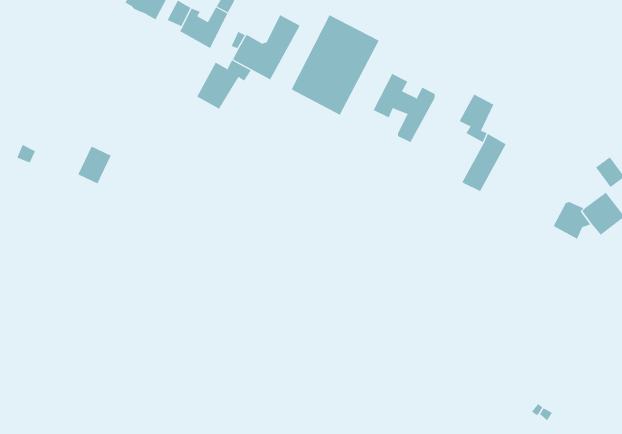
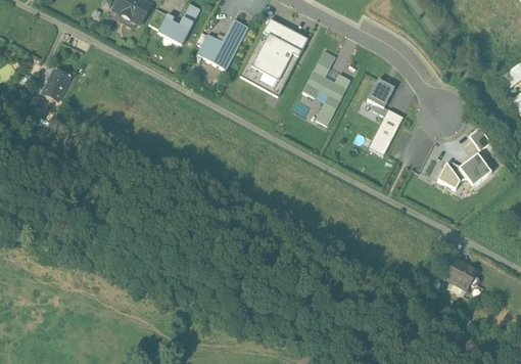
building: [197,59,252,109] -> none
building: [77,146,112,184] -> [43,71,68,99]
building: none -> [445,258,479,287]

